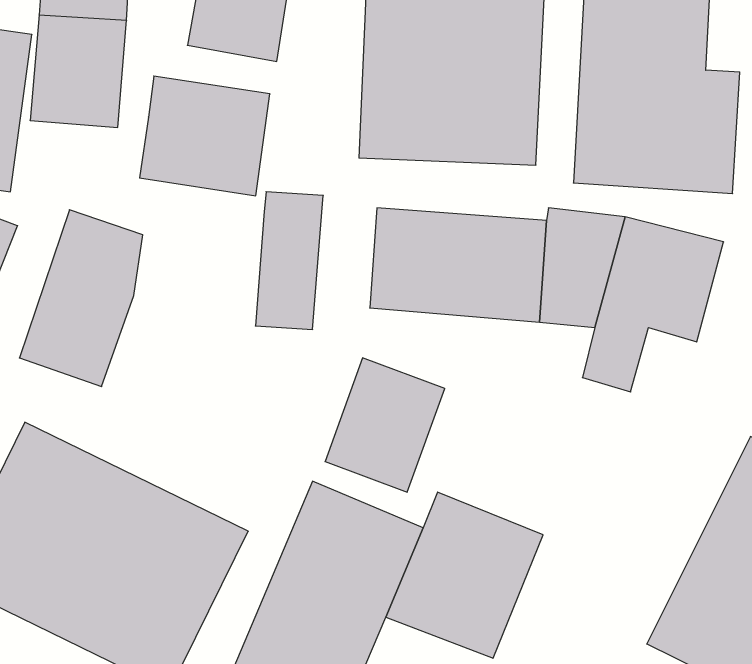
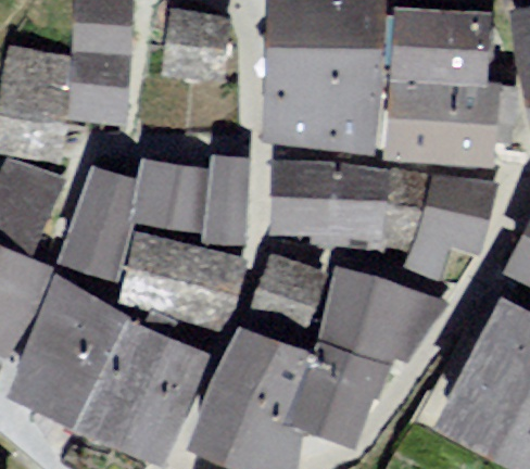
building: [140,76,270,196] -> [131,157,211,230]
building: none -> [118,236,236,327]
building: none -> [316,270,443,370]

